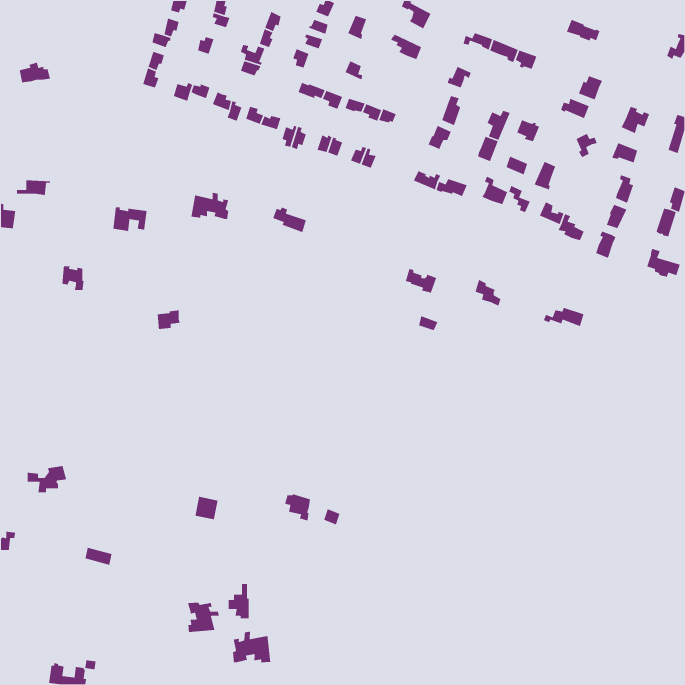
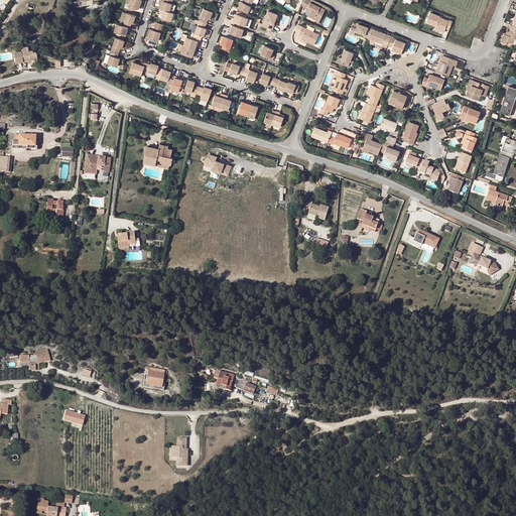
building: none -> [467,243,499,275]
building: [187,602,220,633] -> none
building: [232,631,271,663] -> none

